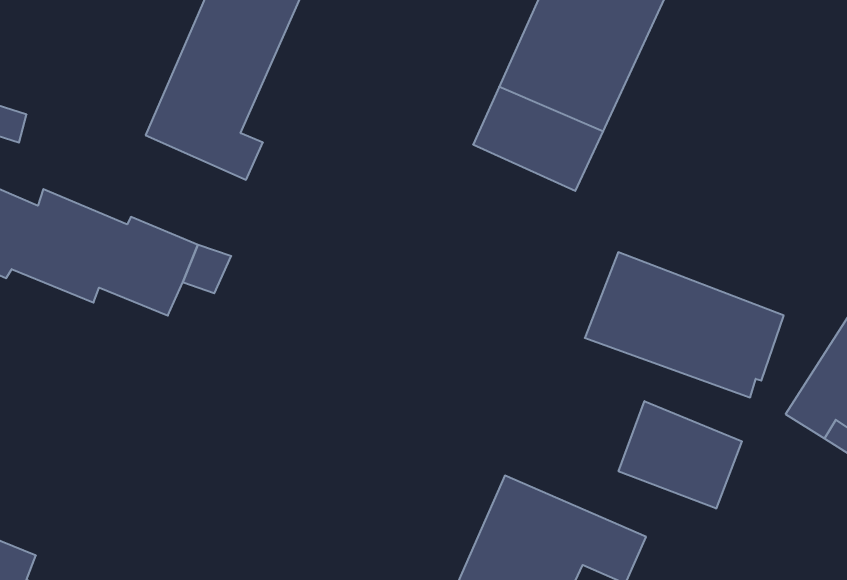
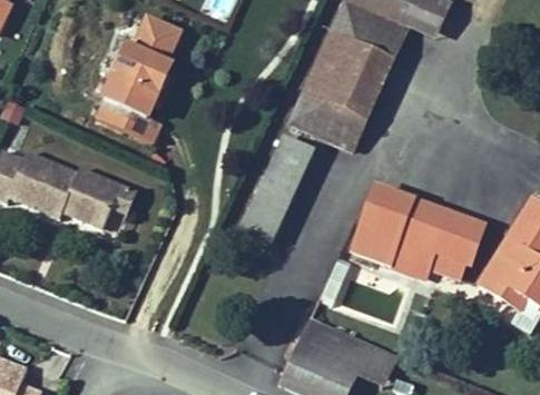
building: none -> [240,139,312,244]
building: [619,401,742,509] -> none

